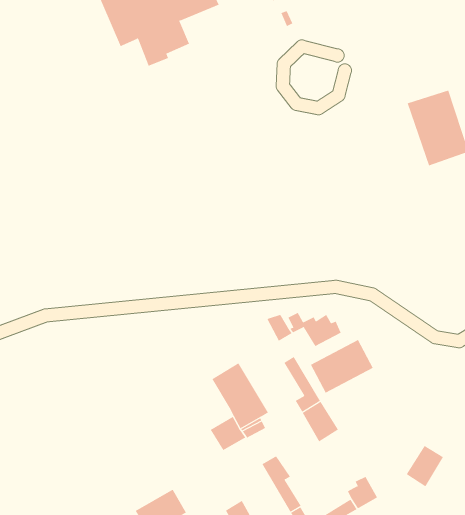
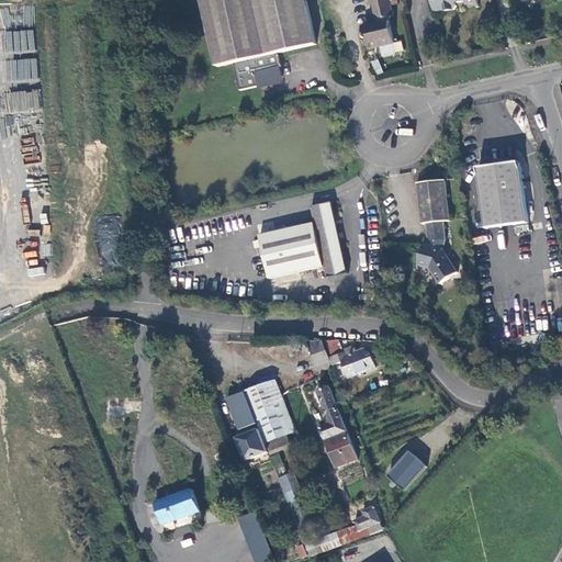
building: none -> [413,177,454,281]
building: none -> [248,200,346,280]
building: [310,339,373,393] -> none
building: none -> [228,390,258,428]
building: [406,445,444,487] -> [389,450,427,490]

